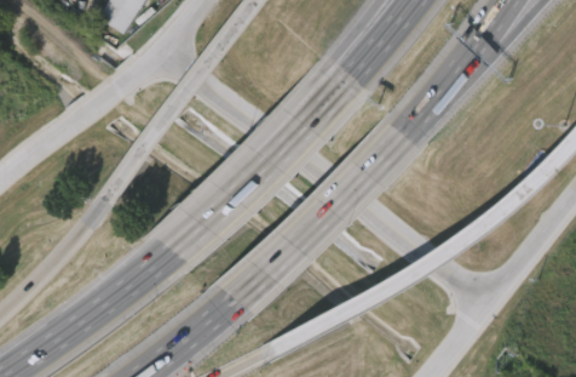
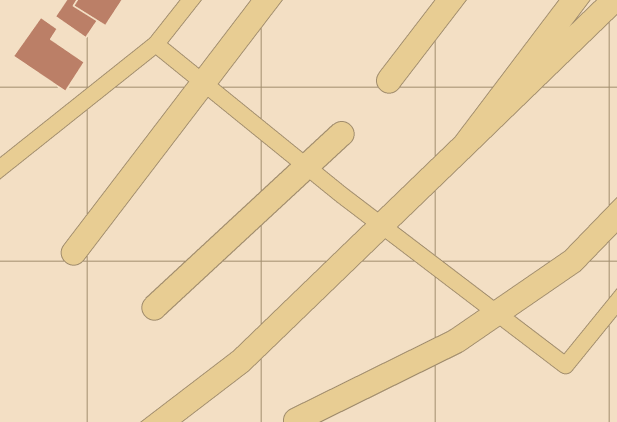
building: none -> [13,17,85,92]

